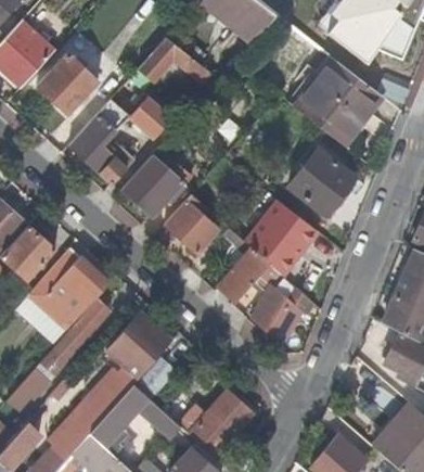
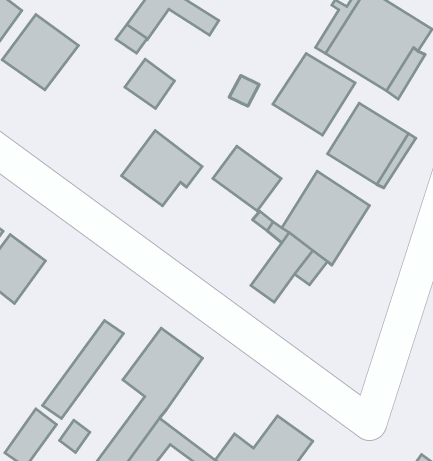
building: [69,99,134,183] -> none
building: none -> [273,53,355,135]
building: [164,200,218,253] -> [213,146,281,211]
building: [30,248,107,328] -> none
building: [252,286,308,344] -> none

